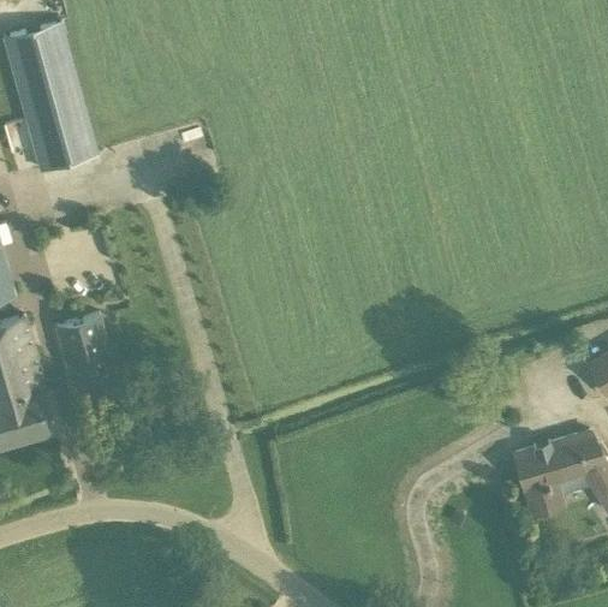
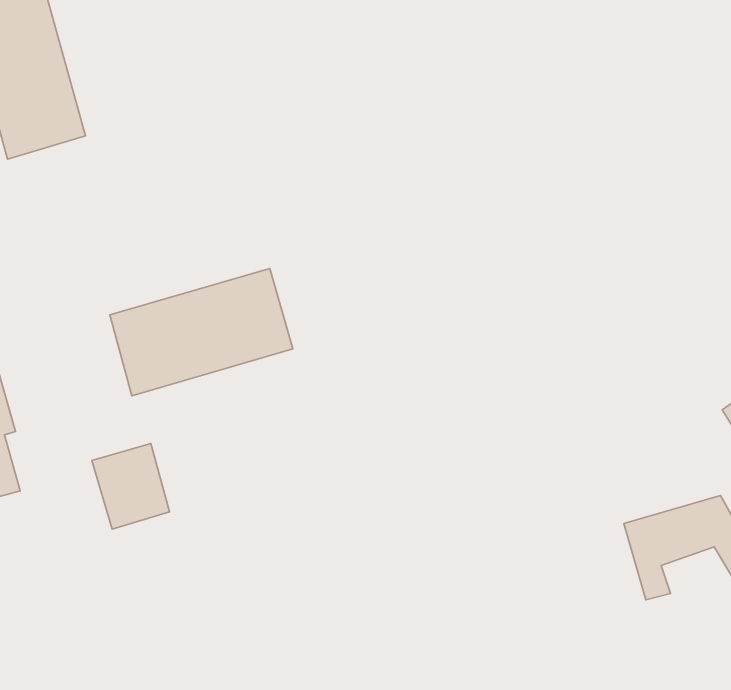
building: none -> [110,268,293,396]
building: [53,314,113,380] -> [92,443,170,529]

